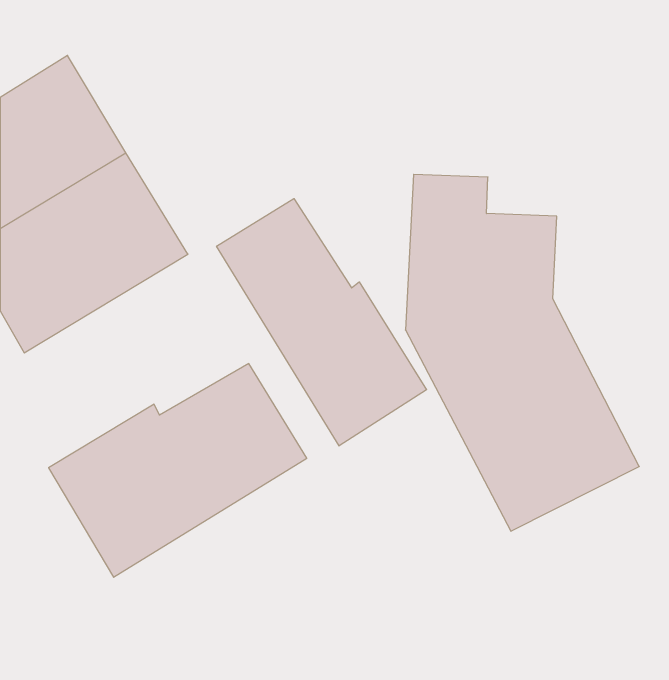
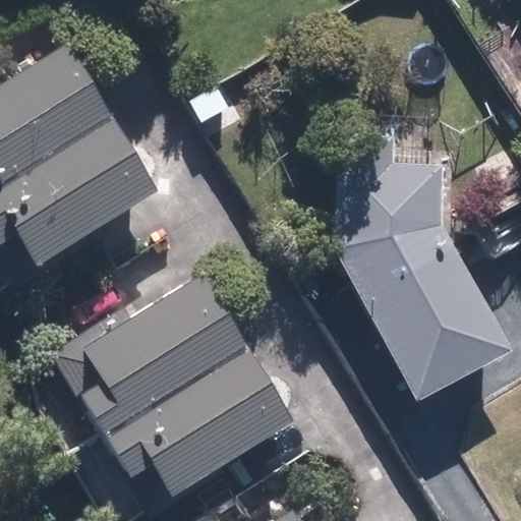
building: [217,199,427,446] -> none
building: none -> [102,345,294,496]

